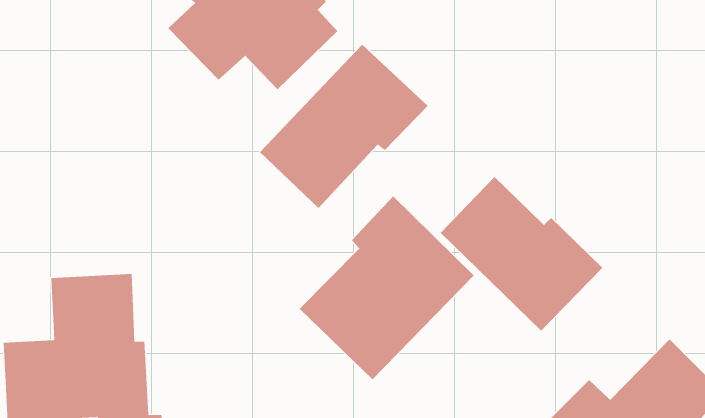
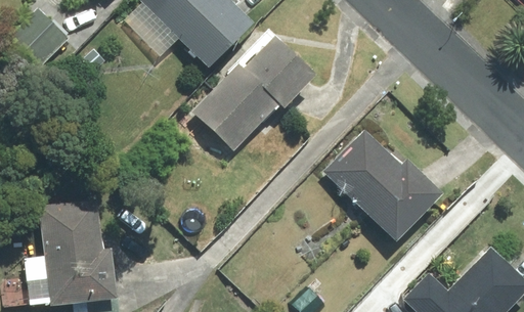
building: none -> [12,7,71,65]
building: [299,196,474,380] -> none

